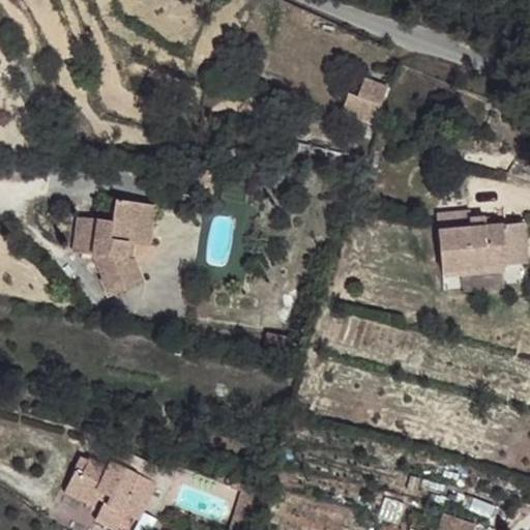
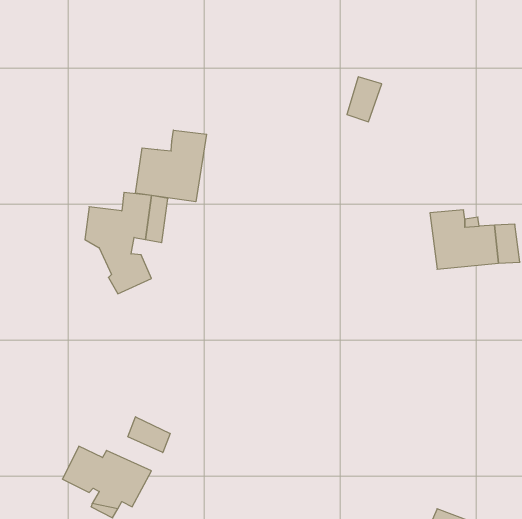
building: none -> [135,130,207,202]
building: none -> [128,417,170,453]

